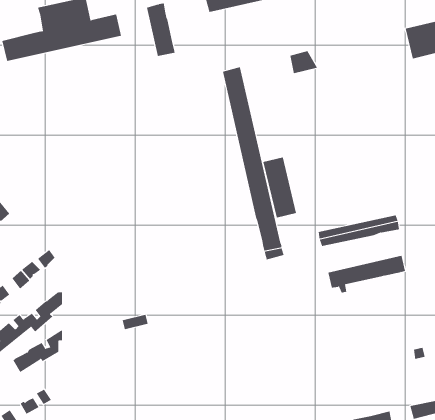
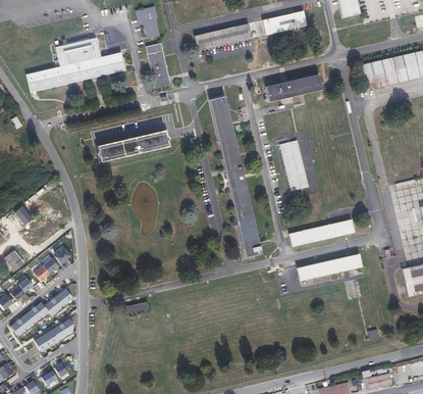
building: none -> [281,73,321,96]
building: none -> [97,130,168,159]
building: [263,157,297,218] -> [279,139,308,190]

